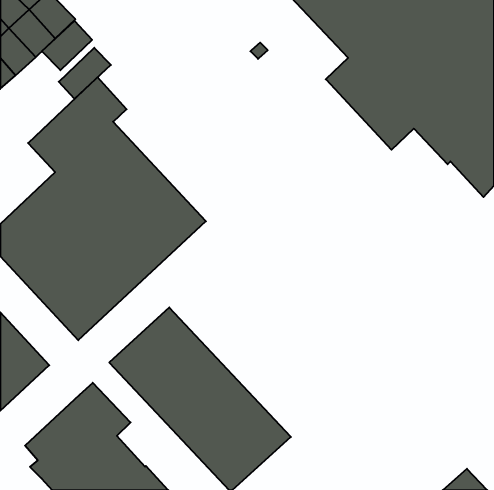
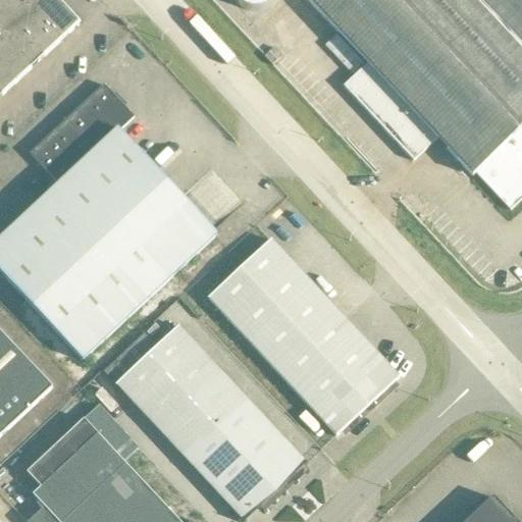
building: [42,21,92,70] -> none
building: [59,48,111,99] -> none
building: none -> [208,238,399,433]

